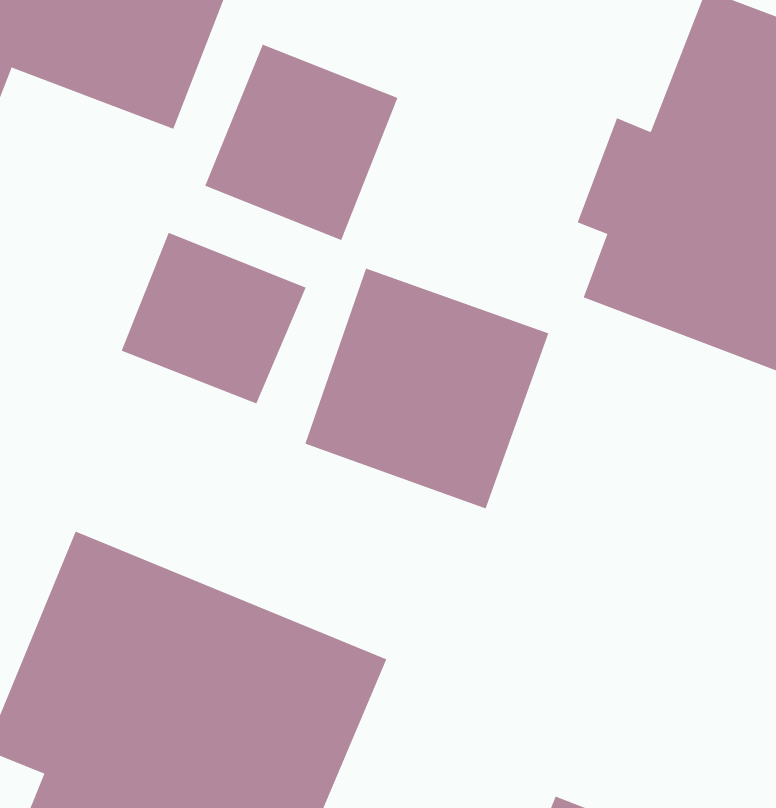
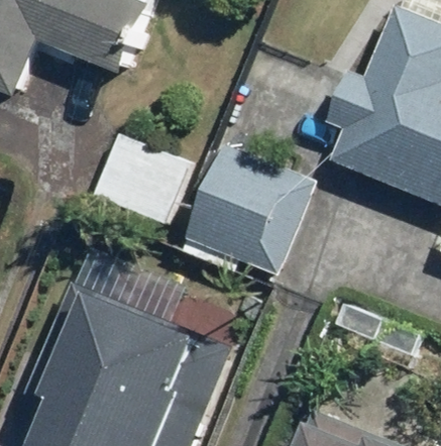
building: [205,44,398,241] -> none

